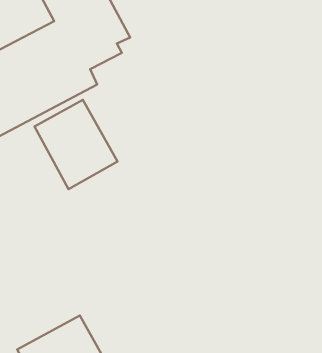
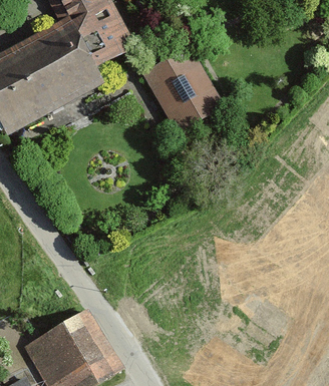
building: [34,100,118,189] -> [143,47,225,134]

